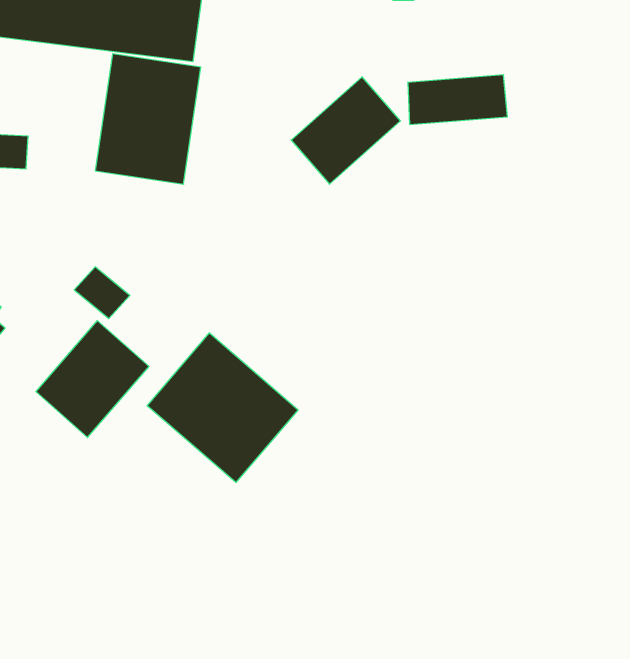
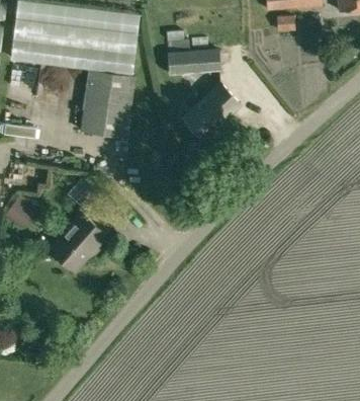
building: [408,75,507,125] -> [163,49,215,75]
building: [147,333,298,482] -> none

